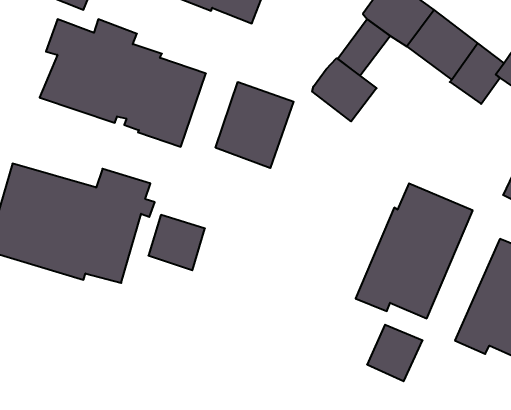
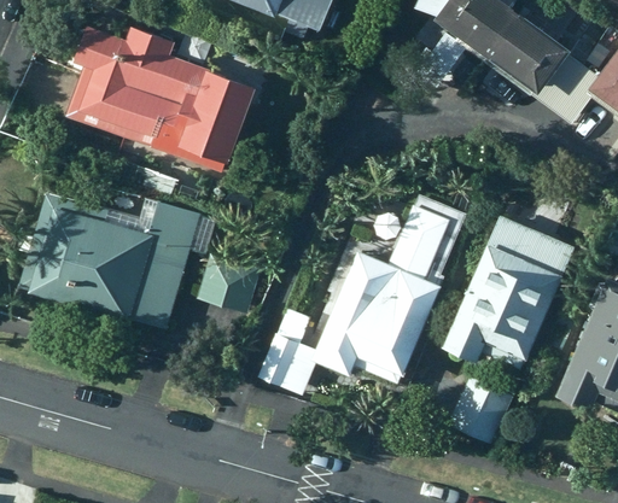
building: [312,58,377,121] -> none
building: [216,82,294,168] -> none
building: none -> [258,194,466,396]

